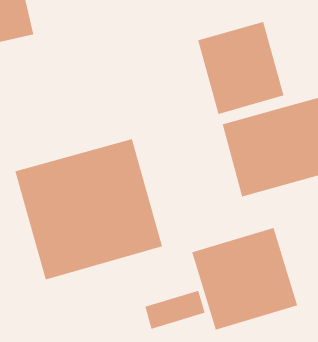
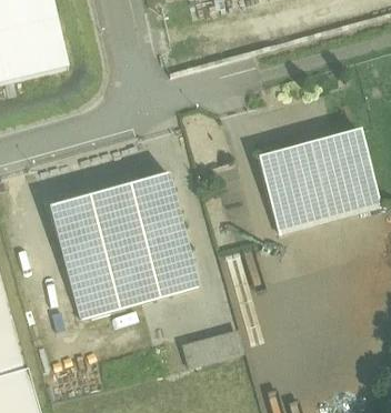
building: [197,21,284,115] -> none
building: [191,227,298,330] -> none

